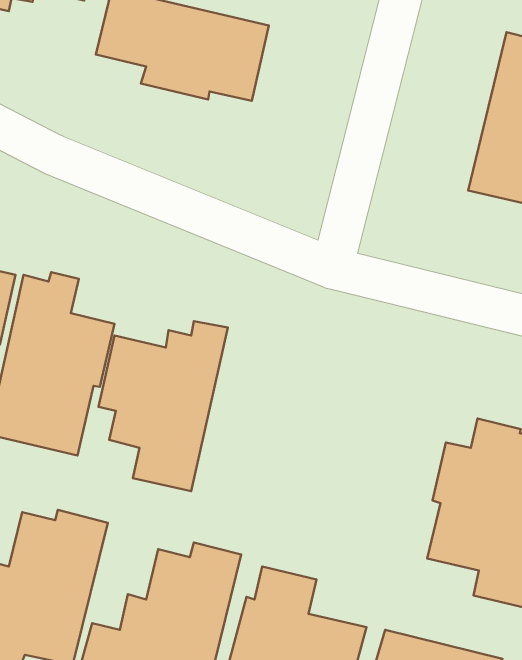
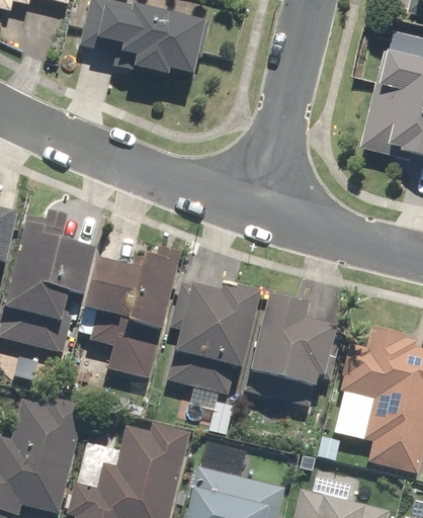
building: none -> [164,283,257,394]
building: none -> [241,294,333,407]

